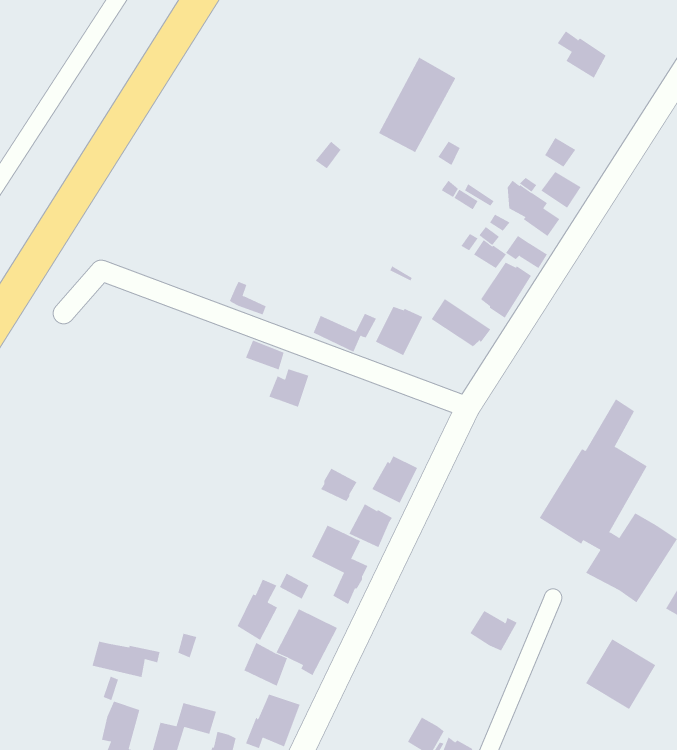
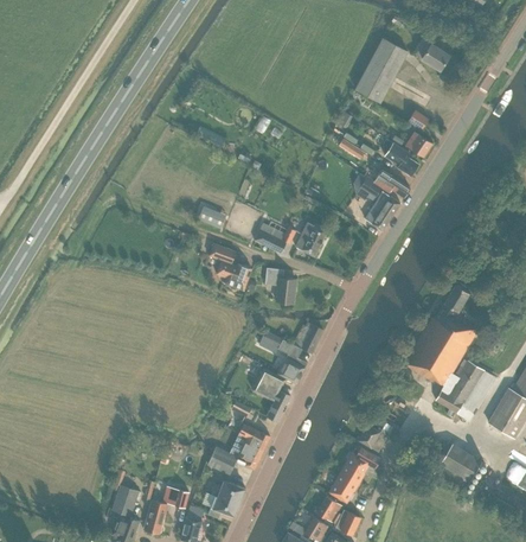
building: [378,57,456,153] -> [355,38,408,102]
building: [431,298,491,347] -> none
building: none -> [264,267,295,302]
building: [237,579,278,641] -> none
building: [92,641,160,678] -> none
building: none -> [328,446,380,503]

